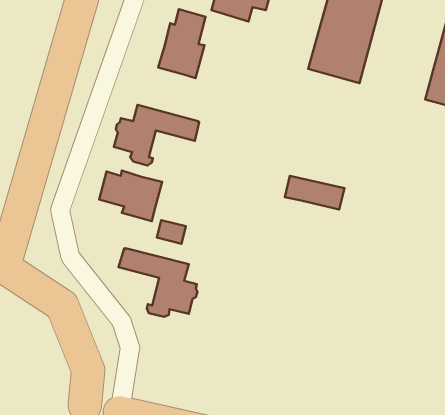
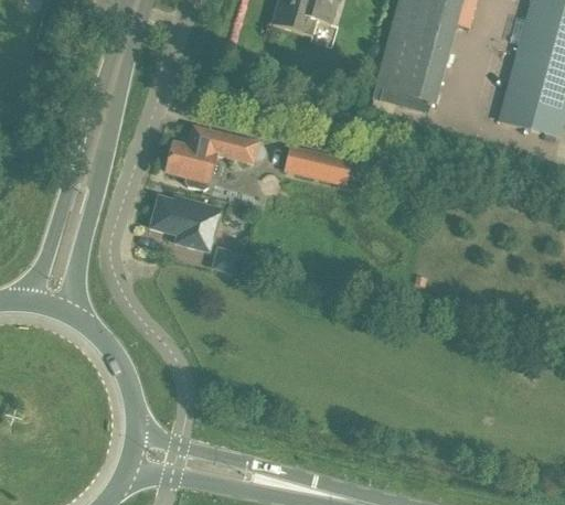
building: [158,9,205,78] -> none
building: [285,176,344,210] -> [284,148,348,184]
building: [118,248,198,317] -> none

